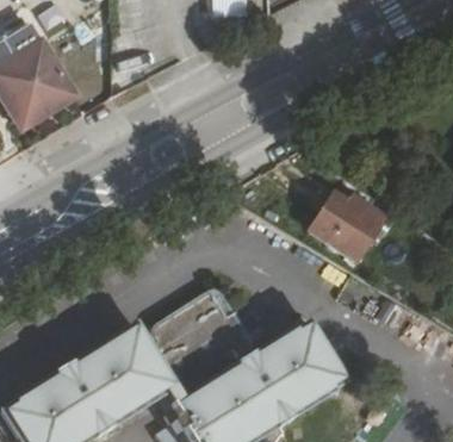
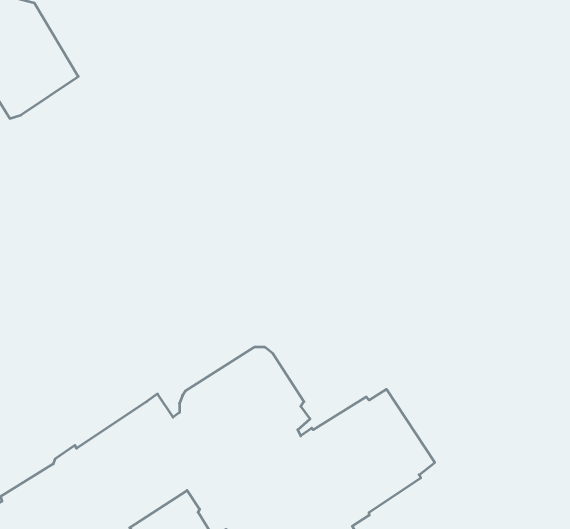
building: [309,185,383,251] -> none

